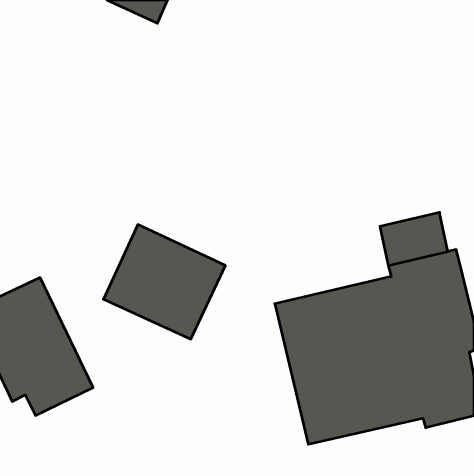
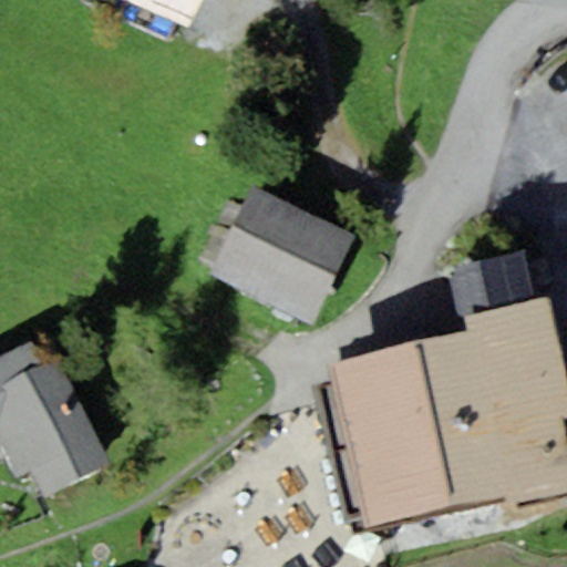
building: [103,225,225,339] -> [207,186,352,322]

